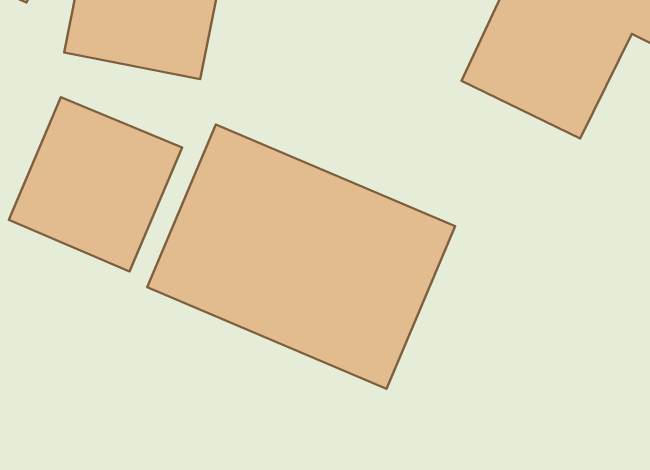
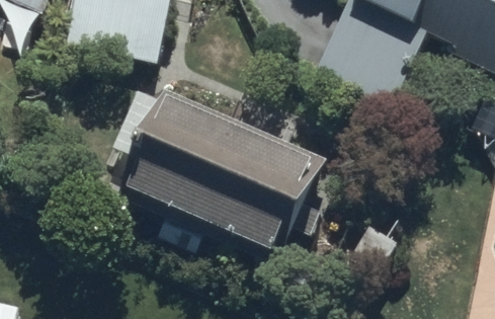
building: [9,97,182,271] -> none

